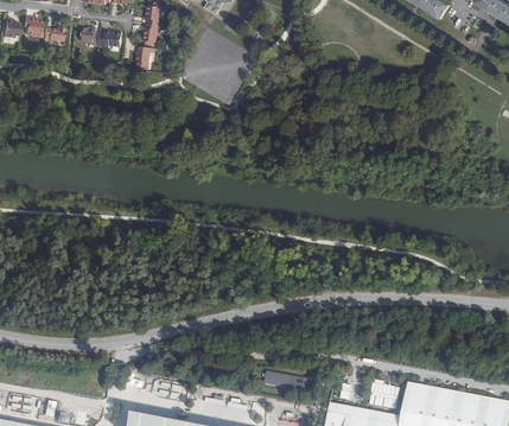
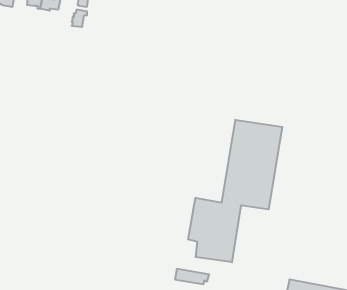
building: none -> [188,120,282,262]

